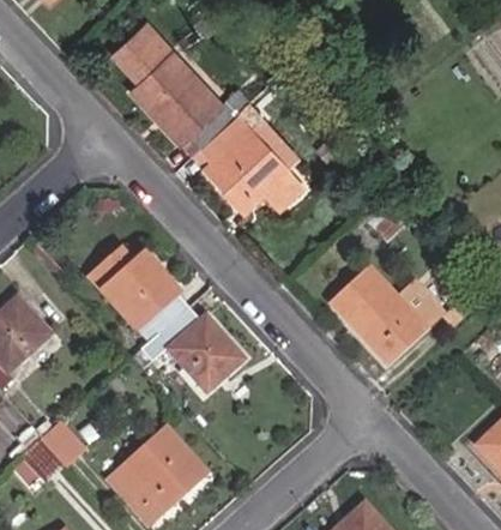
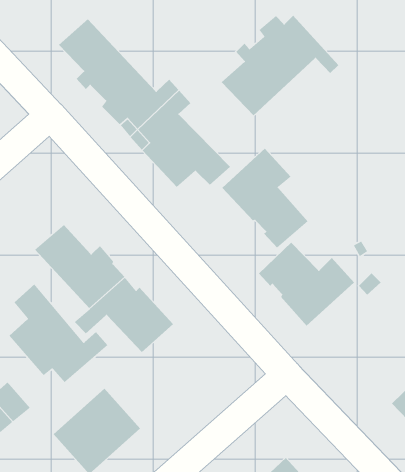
building: none -> [221,15,339,116]
building: none -> [222,148,309,249]
building: none -> [9,283,109,383]

